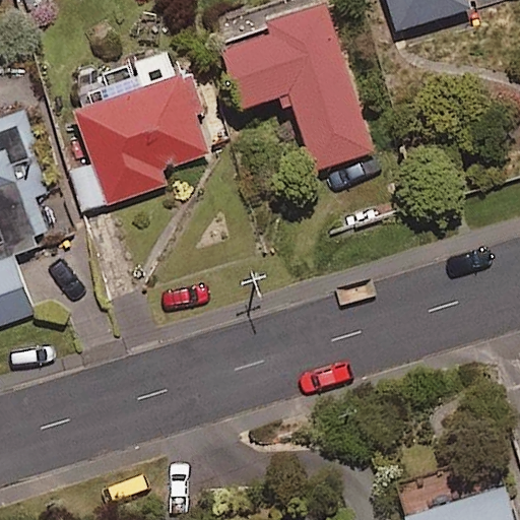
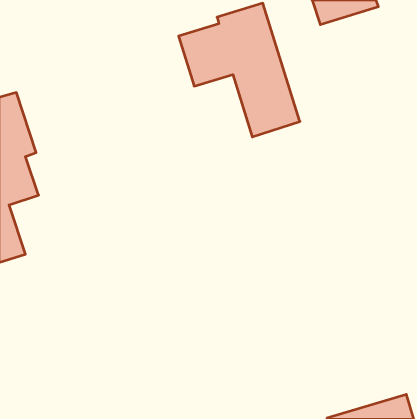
building: [73,75,207,209] -> none

